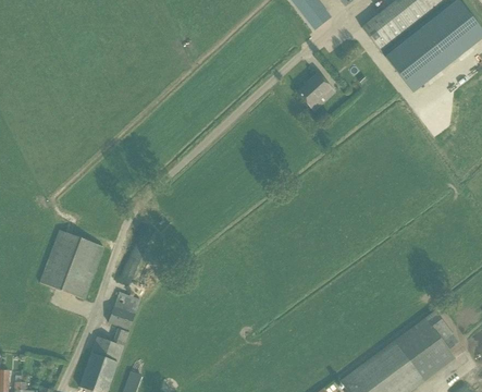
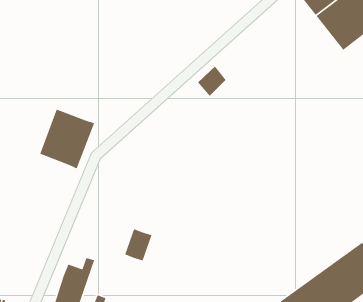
building: [297,73,331,109] -> [197,65,227,97]
building: [39,230,103,299] -> [39,109,95,169]
building: [108,292,140,330] -> [124,228,153,261]

